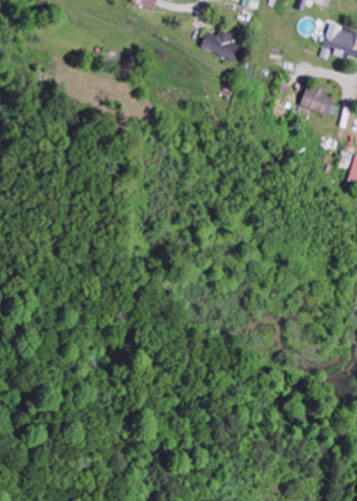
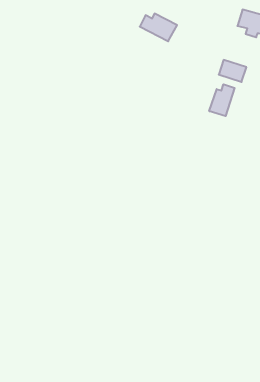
building: none -> [209,84,235,116]

